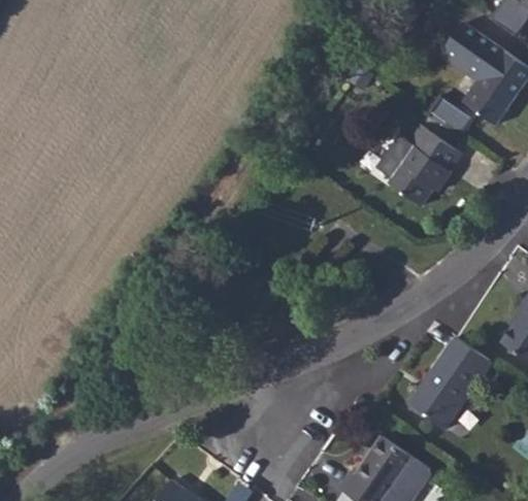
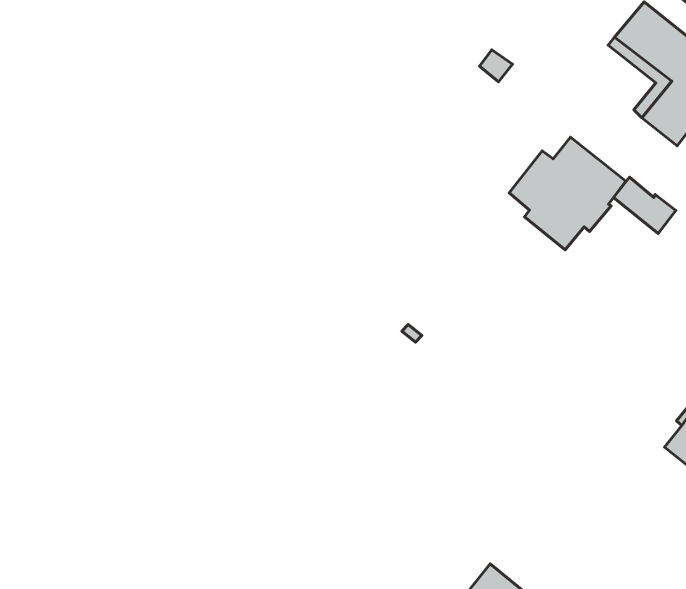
building: [429,95,474,134] -> [614,177,676,234]
building: [408,336,491,429] -> none

